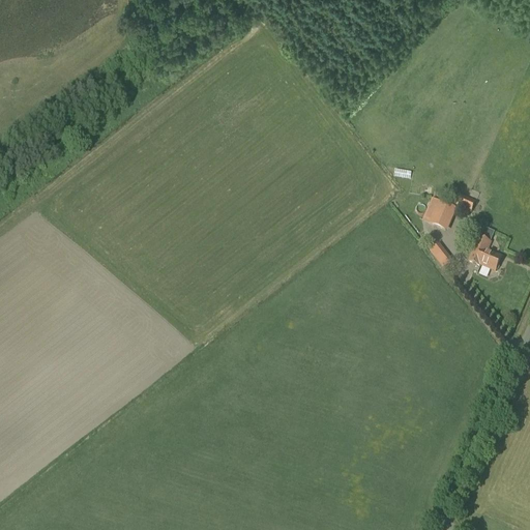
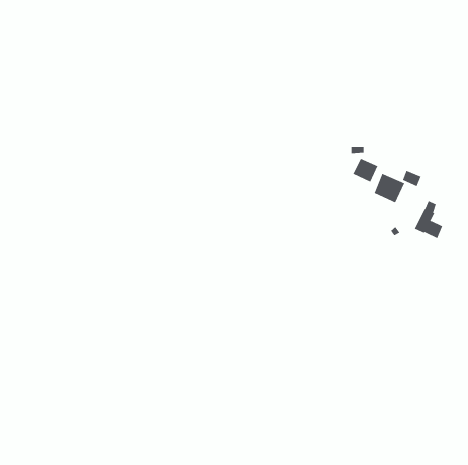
building: none -> [353,158,378,183]

